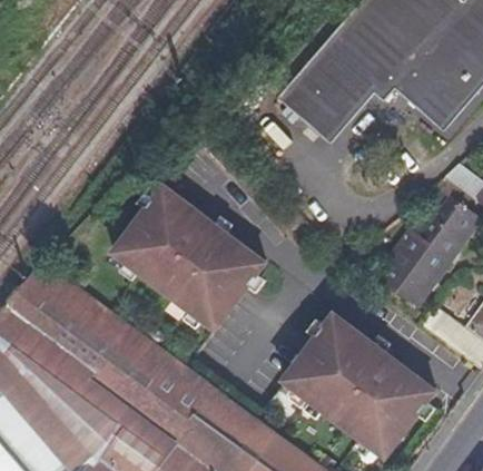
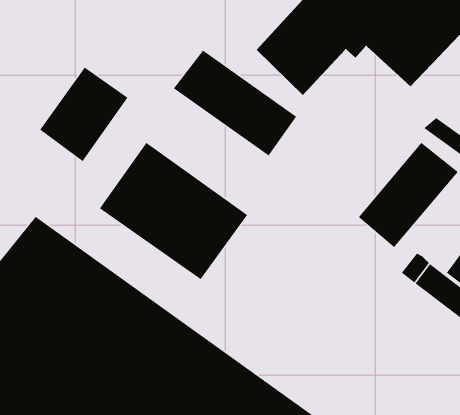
building: none -> [173,49,297,157]
building: none -> [39,66,129,162]
building: [285,315,437,457] -> none

